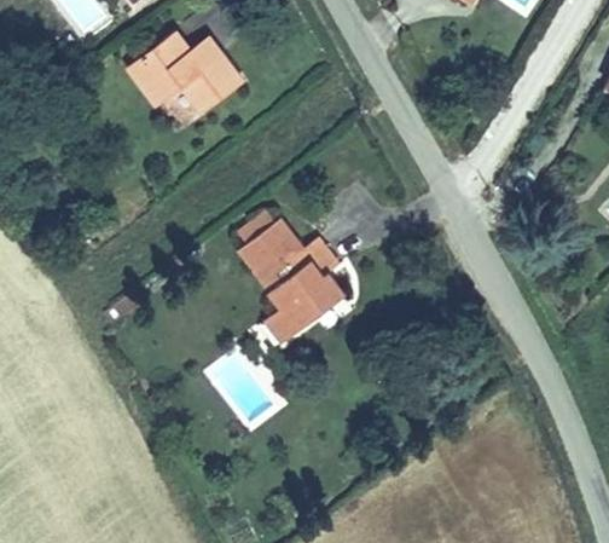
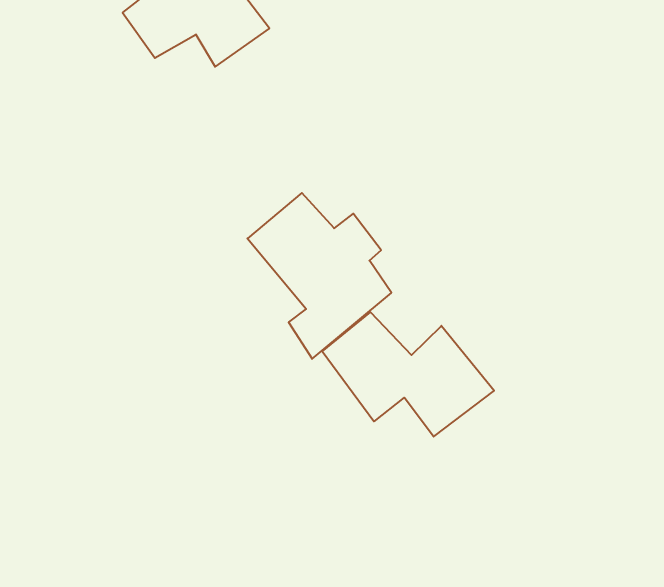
building: none -> [322,312,494,437]

